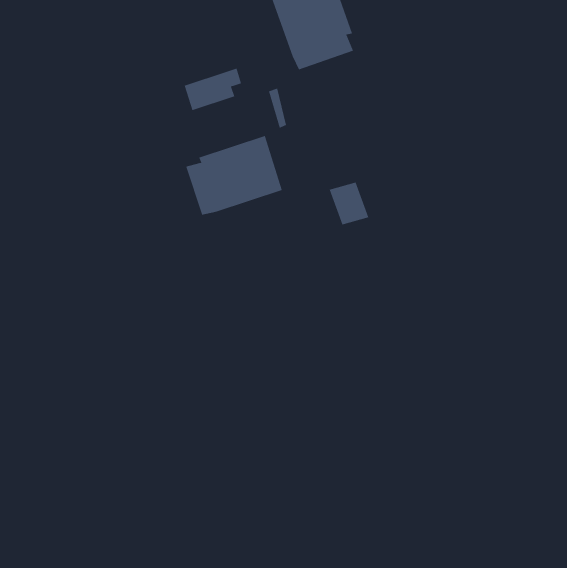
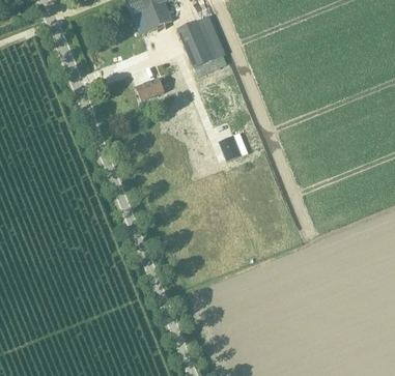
building: [186,135,282,215] -> none

